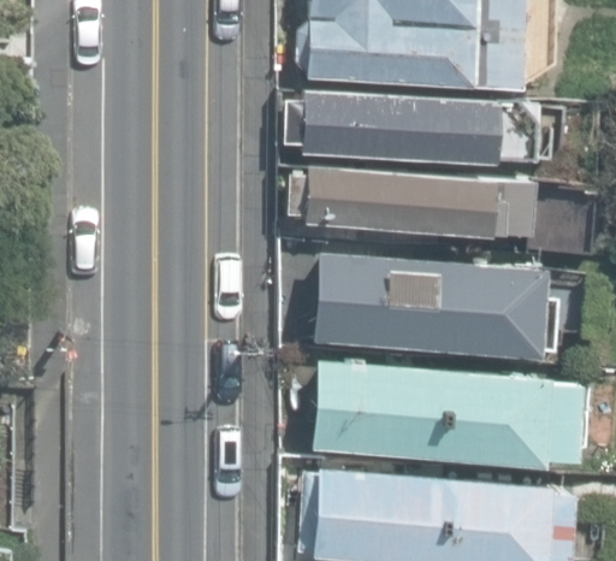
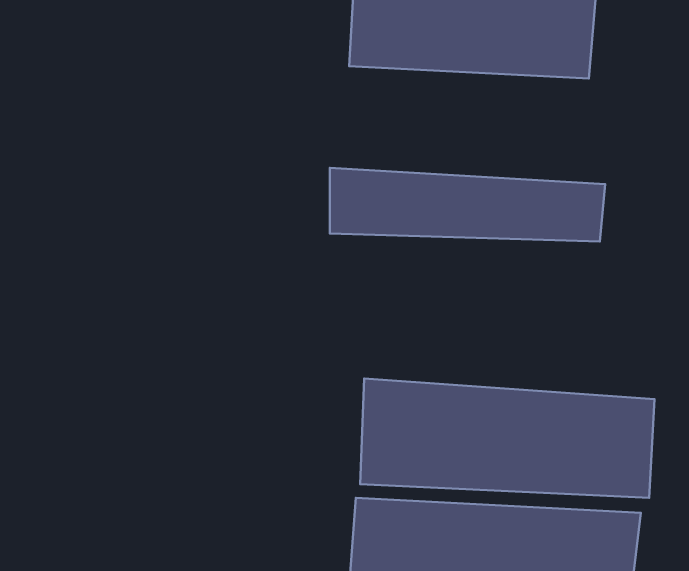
building: [296,96,522,169] -> none
building: [318,256,540,355] -> none

